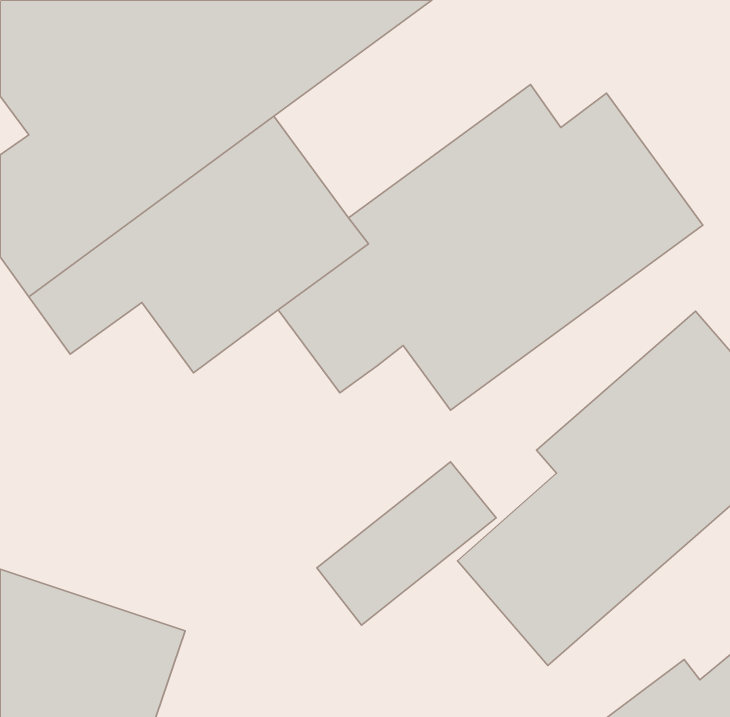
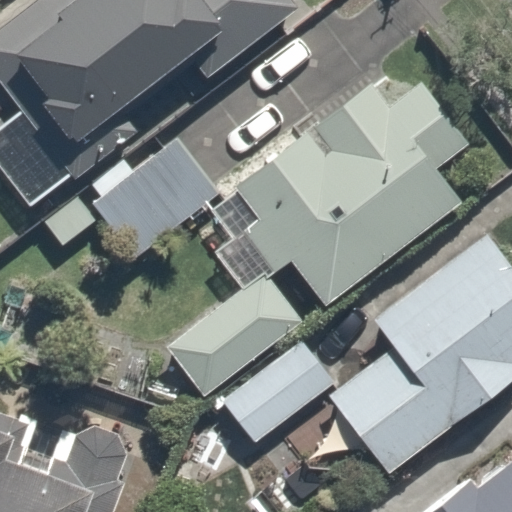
building: none -> [160,269,305,399]

